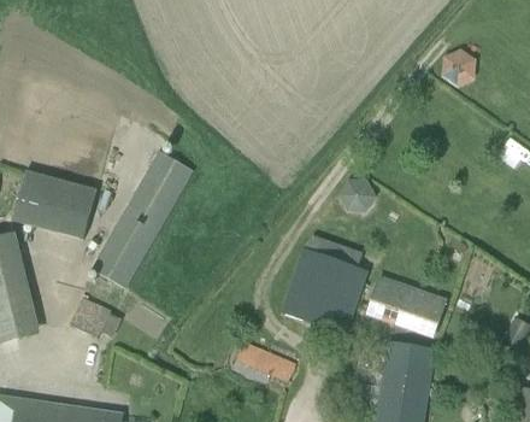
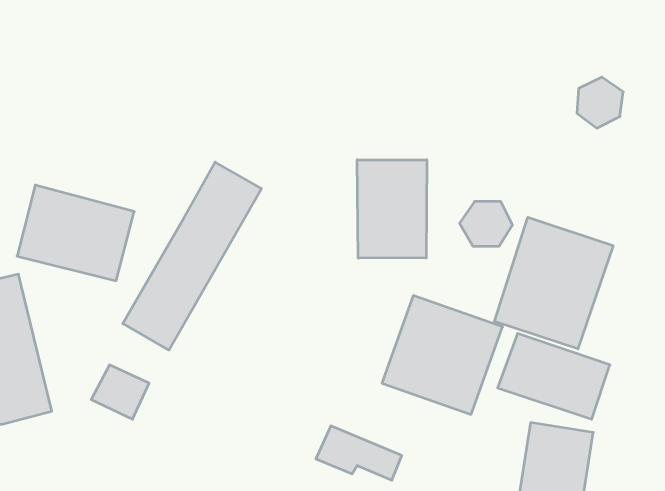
building: [442,48,476,86] -> [577,77,623,128]
building: none -> [357,160,427,258]
building: none -> [494,217,613,349]

